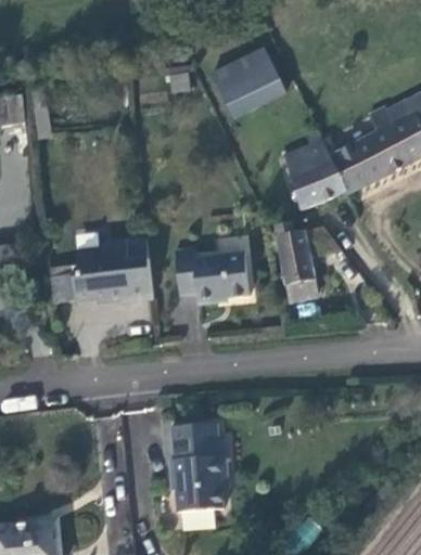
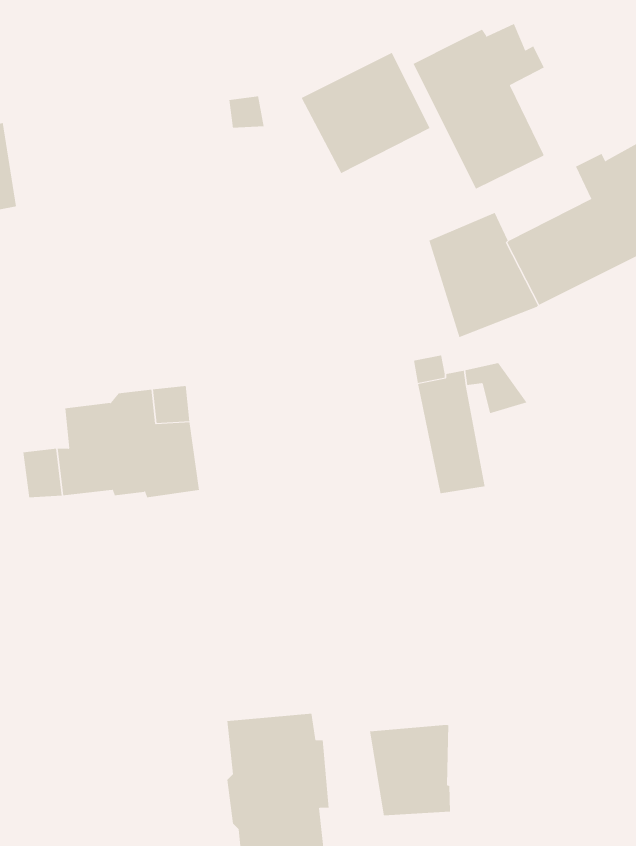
building: none -> [413,23,545,190]
building: [174,247,250,304] -> none
building: none -> [370,724,450,816]

